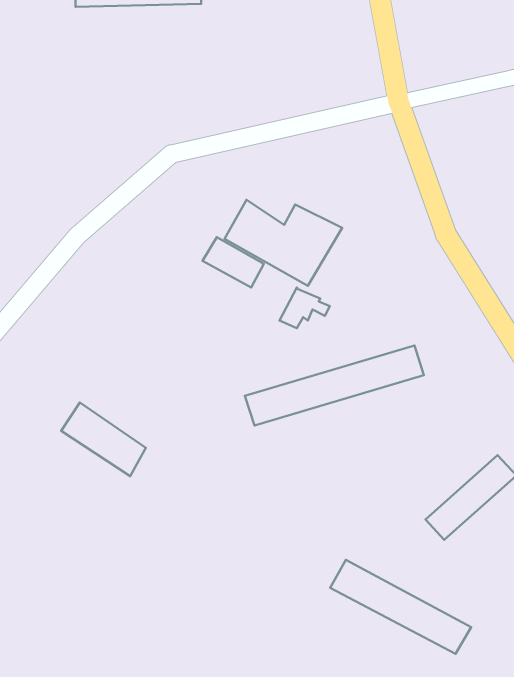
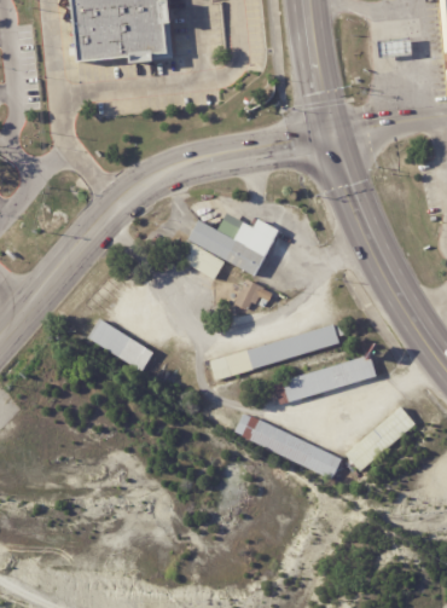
building: none -> [285,354,381,401]
building: [61,403,146,476] -> [87,317,152,374]
building: [330,560,471,654] -> [234,409,343,481]

